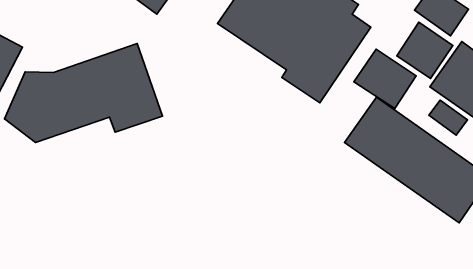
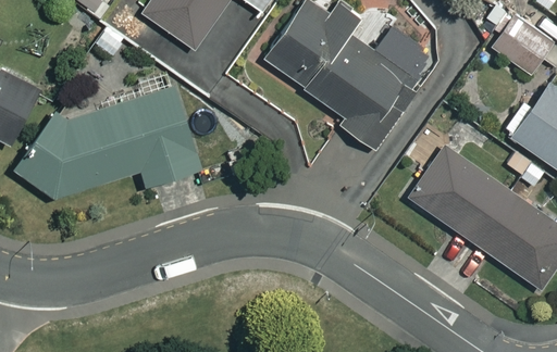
building: [397,22,453,78] -> none
building: [354,49,416,108] -> none

